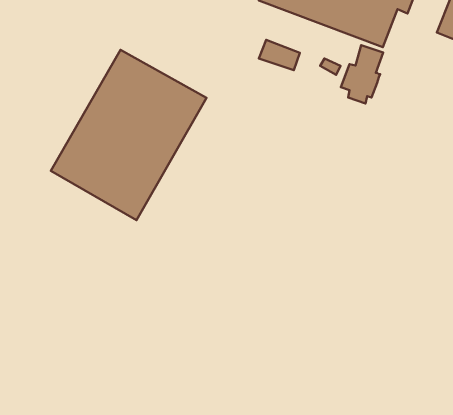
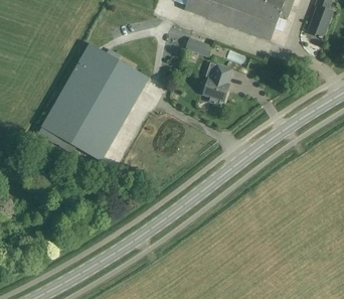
building: [341,45,383,103] -> [201,64,230,105]

